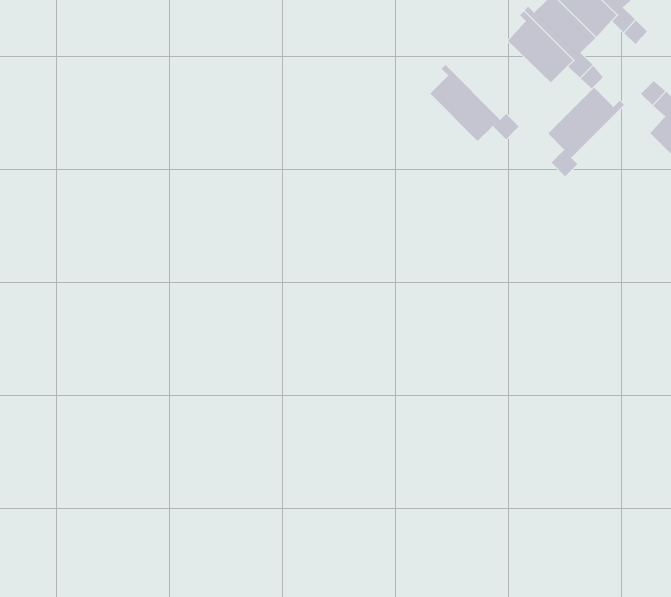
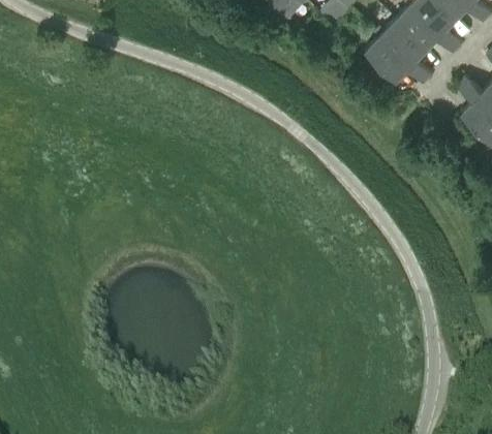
building: [429,64,520,142] -> none
building: [547,87,625,177] -> none

